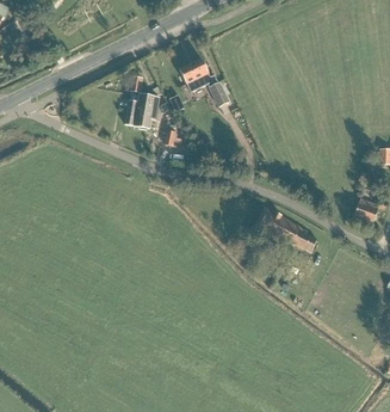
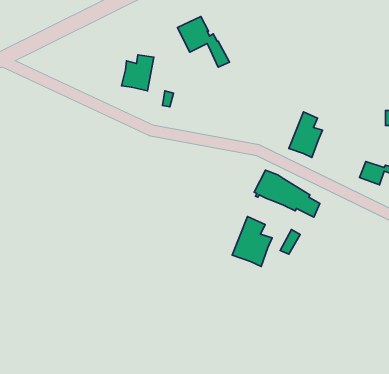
building: none -> [289,112,322,158]
building: none -> [232,217,272,267]

